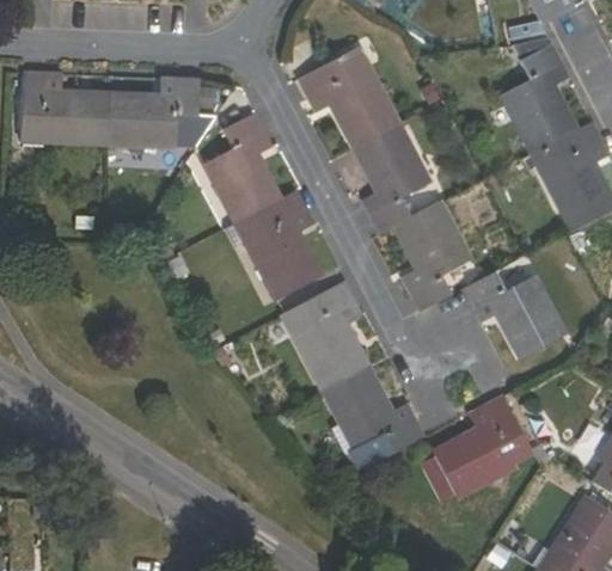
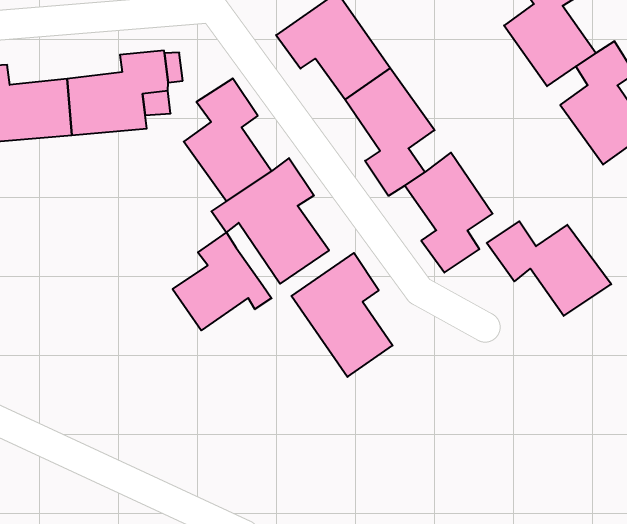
building: none -> [173,232,272,330]
building: [323,366,424,459] -> none
building: [434,395,520,496] -> none

